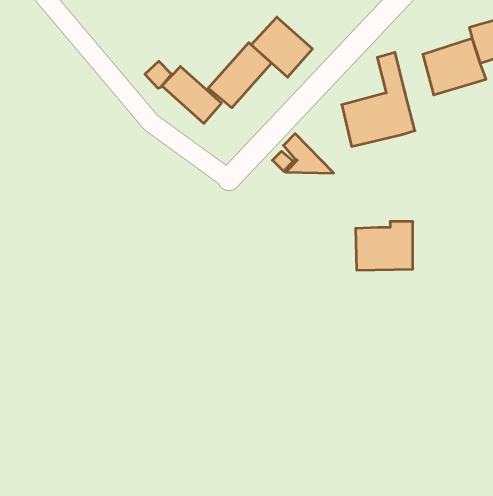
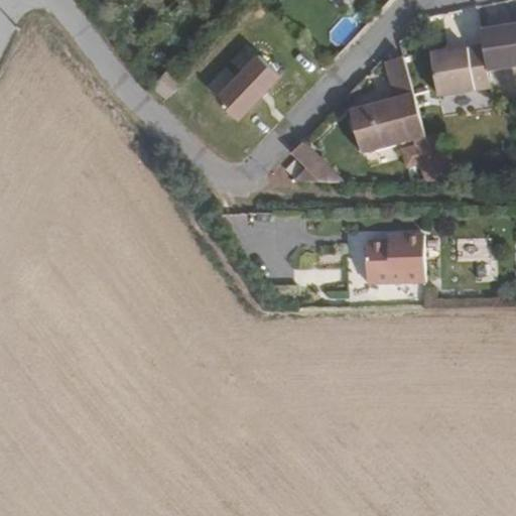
building: [251,17,312,77] -> none
building: [162,66,221,123] -> none

